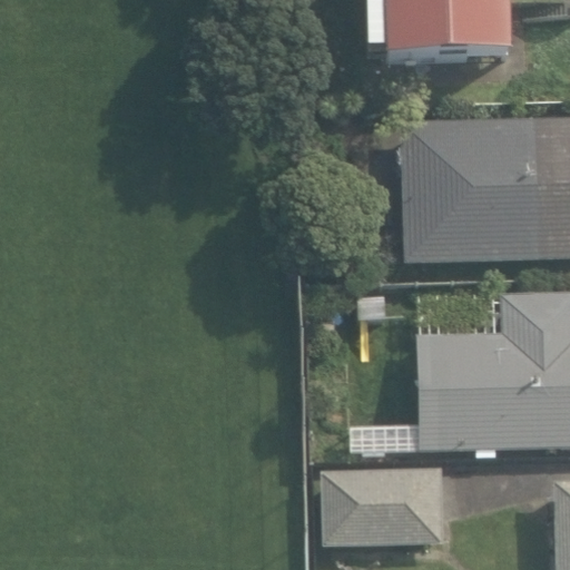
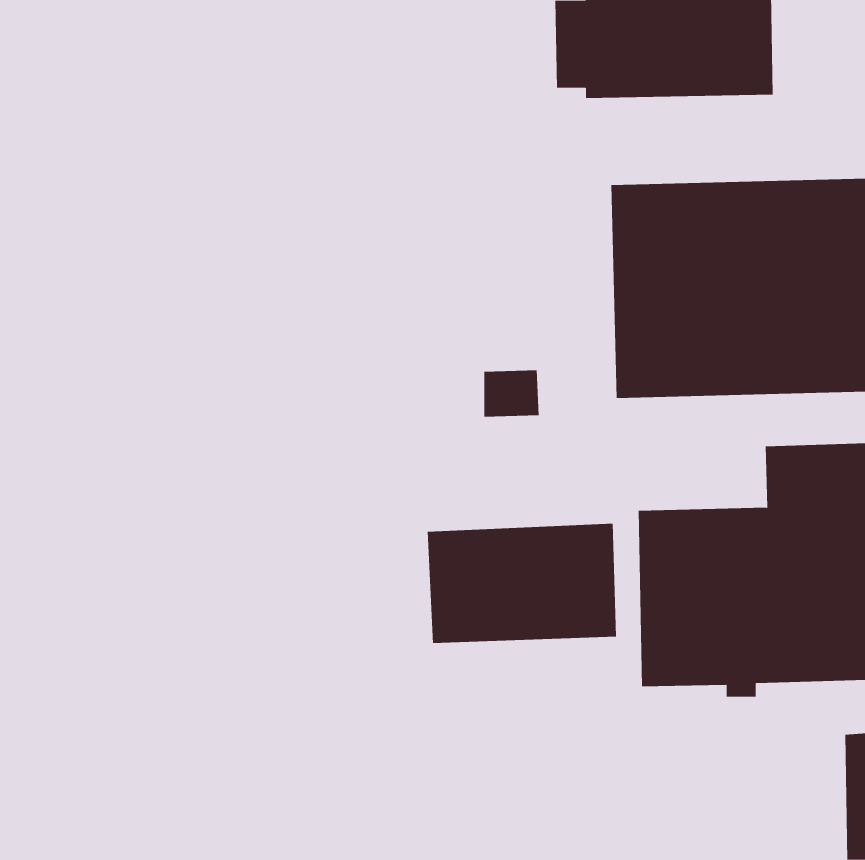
building: [318,466,443,546] -> [427,523,617,643]

